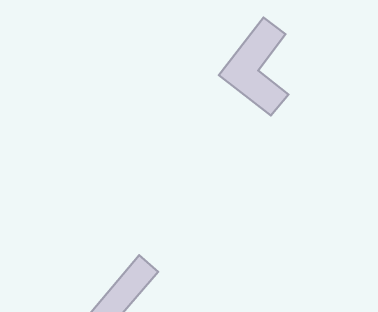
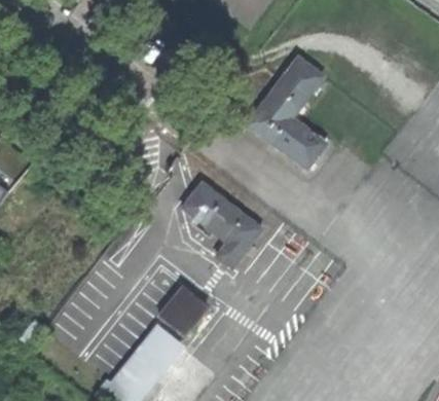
building: none -> [183,183,260,265]
building: none -> [160,285,210,334]

